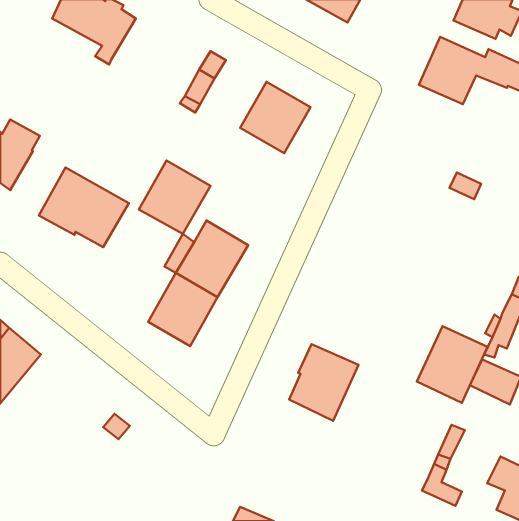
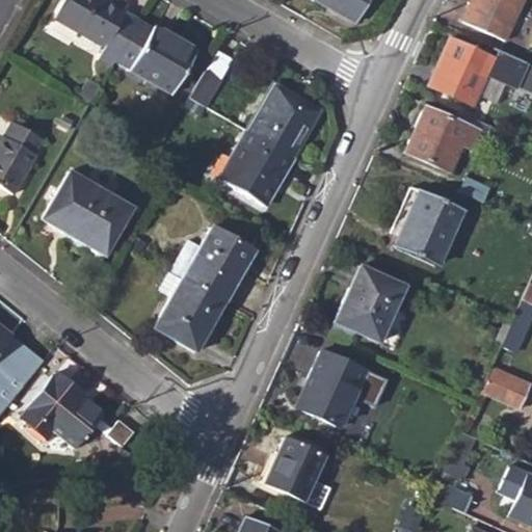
building: none -> [116,19,198,95]
building: none -> [406,104,495,172]
building: [139,160,210,234] -> [219,130,292,205]
building: none -> [396,190,462,266]
building: [417,326,487,403] -> [335,265,406,343]
building: none -> [21,372,104,450]
building: none -> [265,437,330,507]

